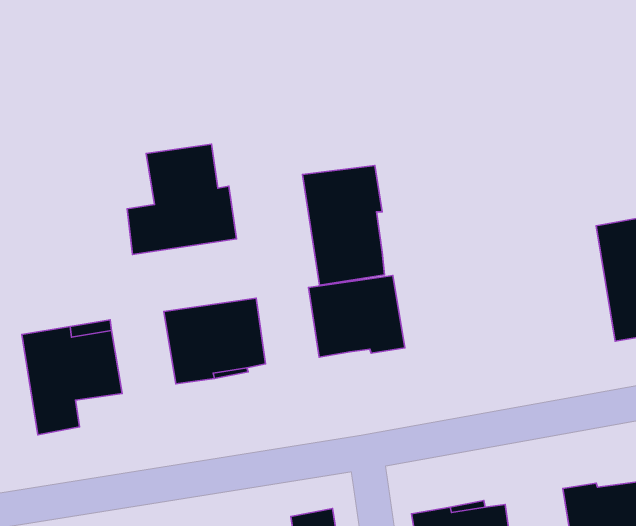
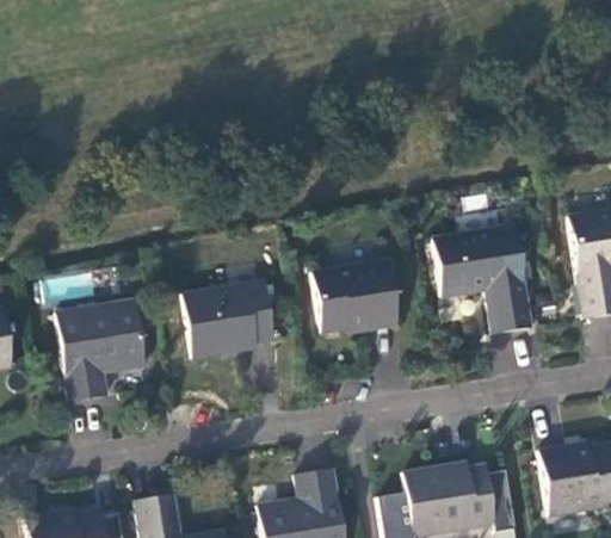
building: [127,144,236,255] -> none
building: [302,165,384,285] -> none
building: none -> [433,225,532,334]

